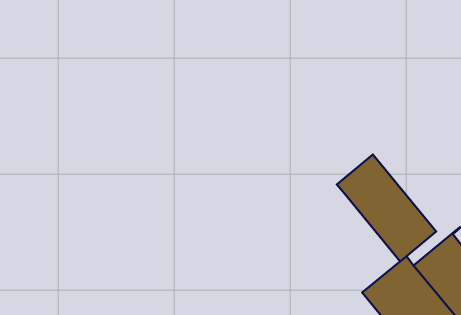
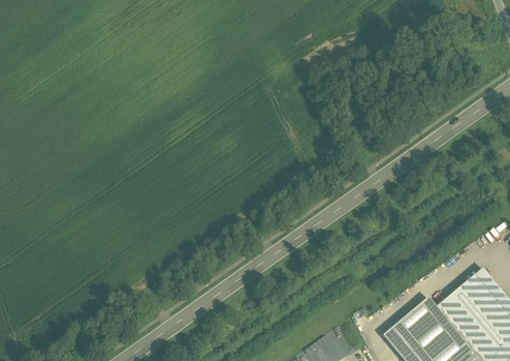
building: [337,155,436,261] -> none

